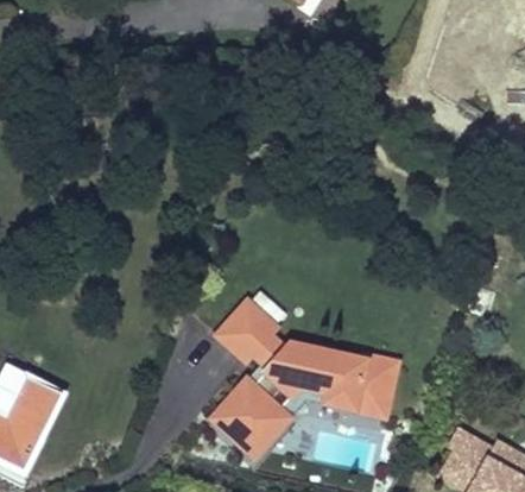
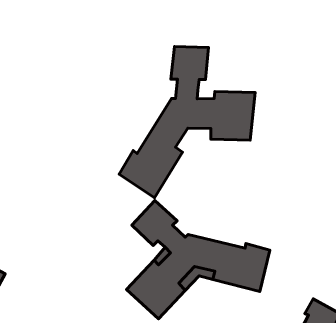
building: none -> [119,47,255,198]

